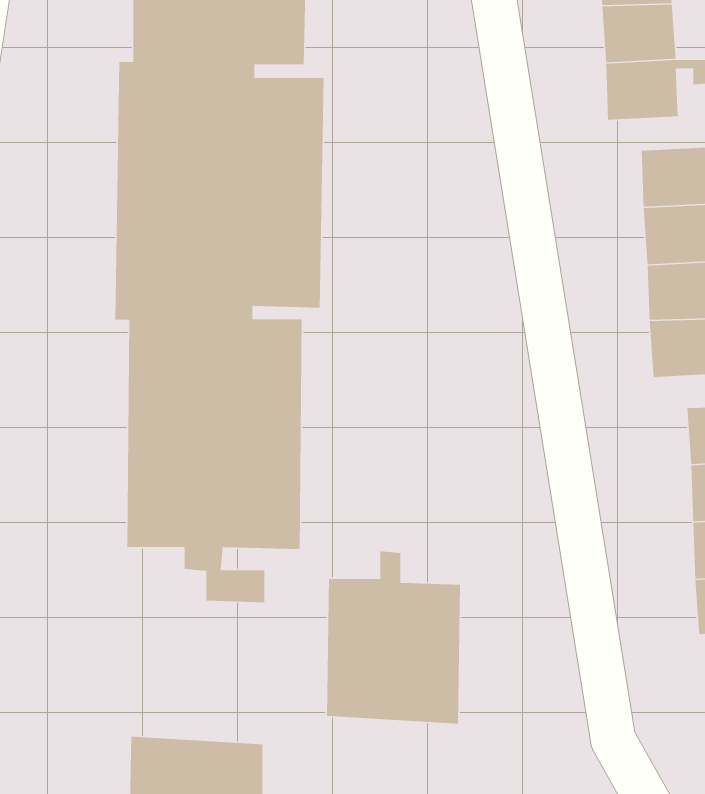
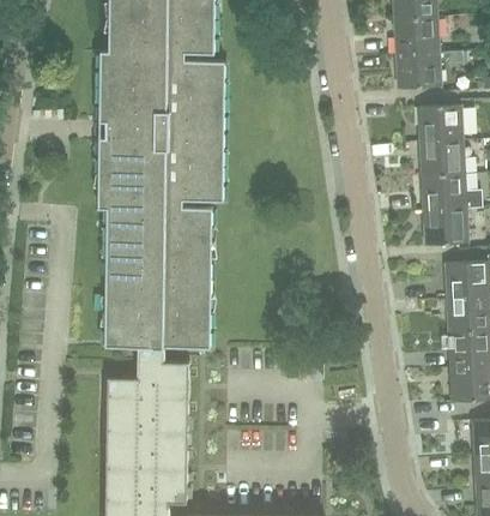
building: [326,550,461,725] -> [108,360,189,466]

